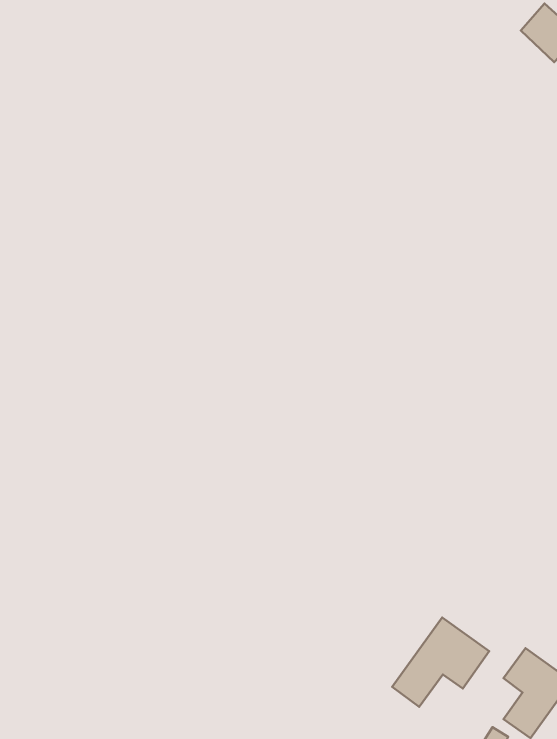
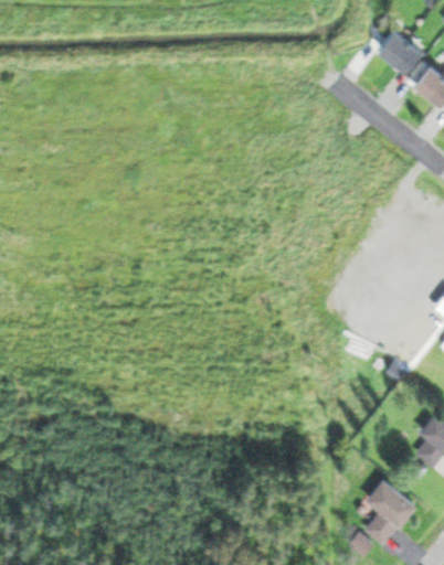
building: [392,617,489,707] -> none

